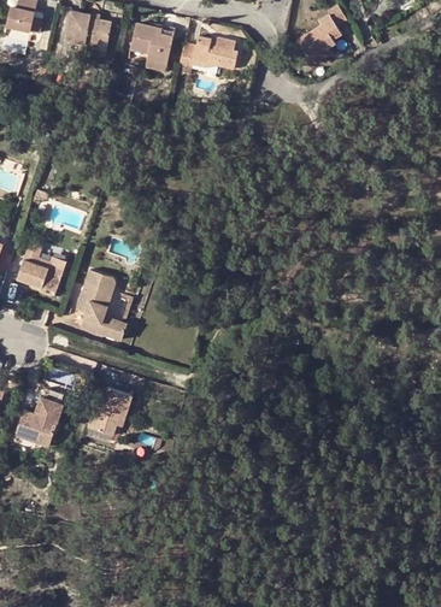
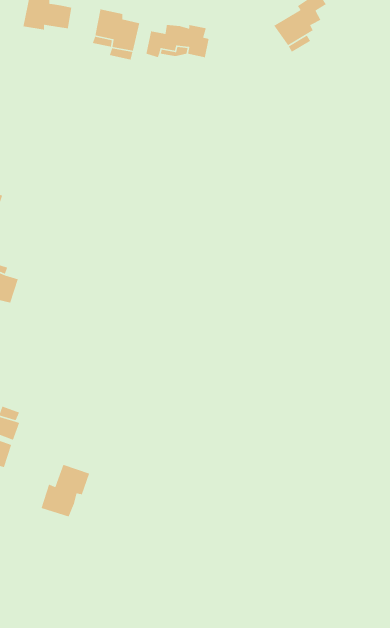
building: [76,270,127,340] -> none
building: [88,387,134,436] -> [41,464,90,518]

